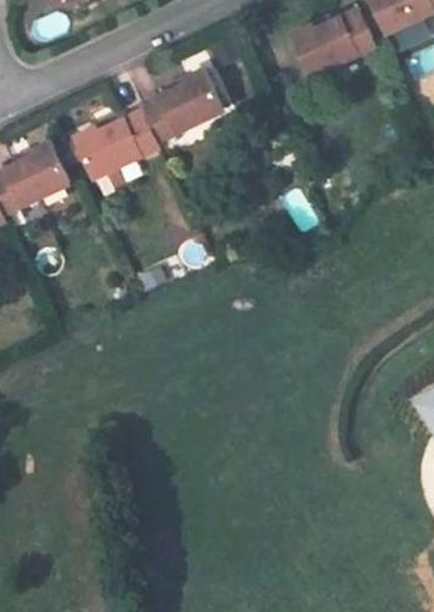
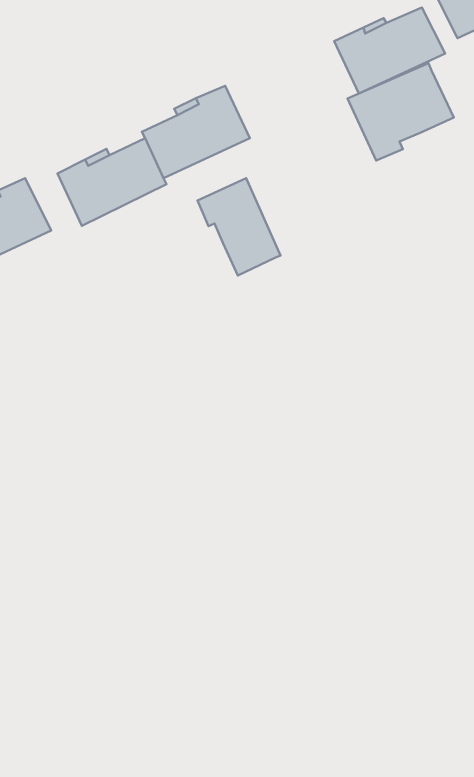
building: none -> [347,63,454,160]
building: none -> [198,178,281,275]

